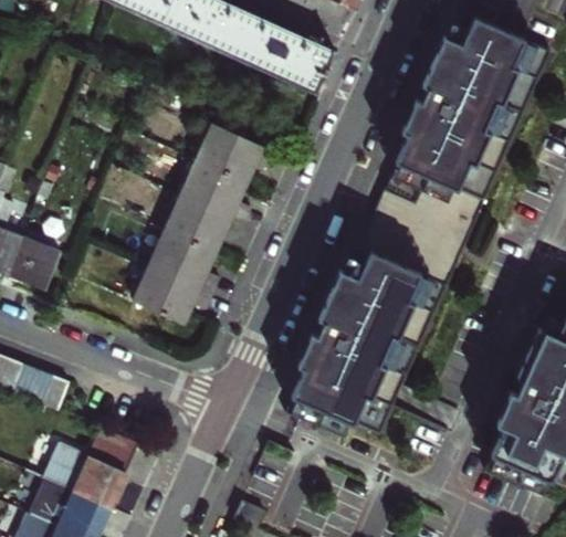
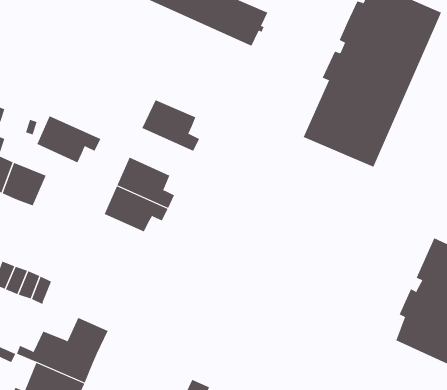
building: [195,120,274,179] -> none
building: [163,192,242,251] -> [37,116,101,163]
building: [293,203,464,433] -> none

